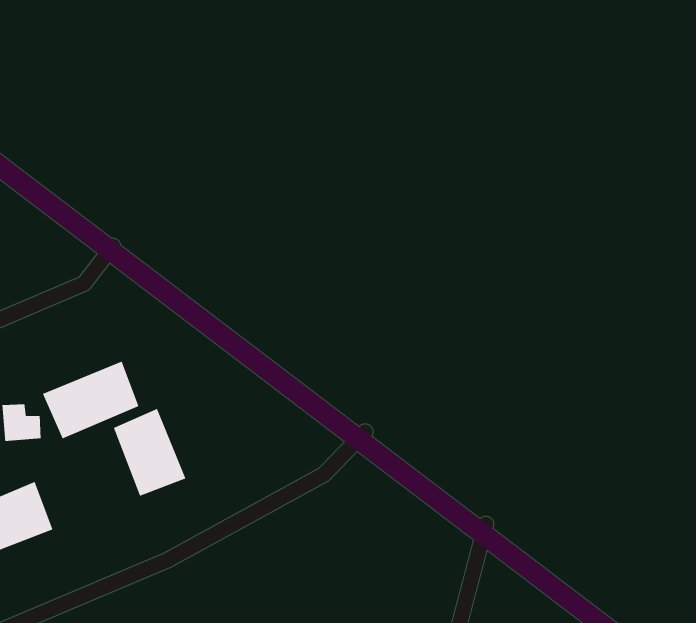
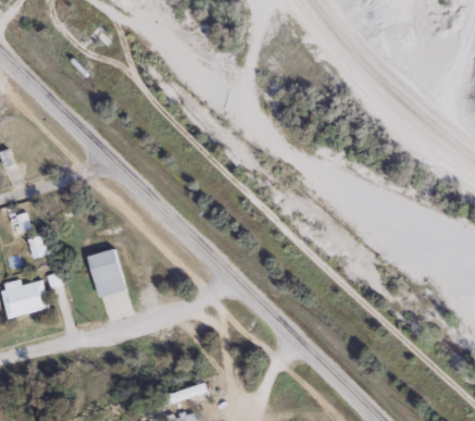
building: [42,361,139,440] -> none

